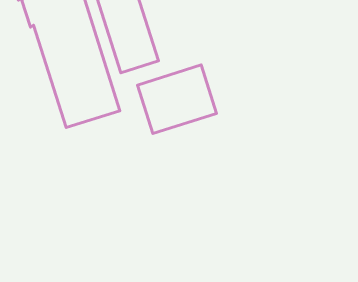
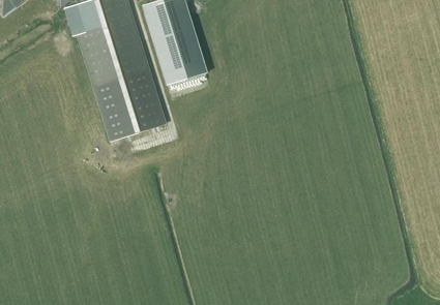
building: [138,65,216,134] -> none

